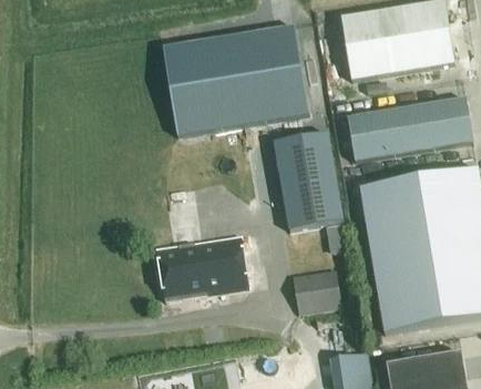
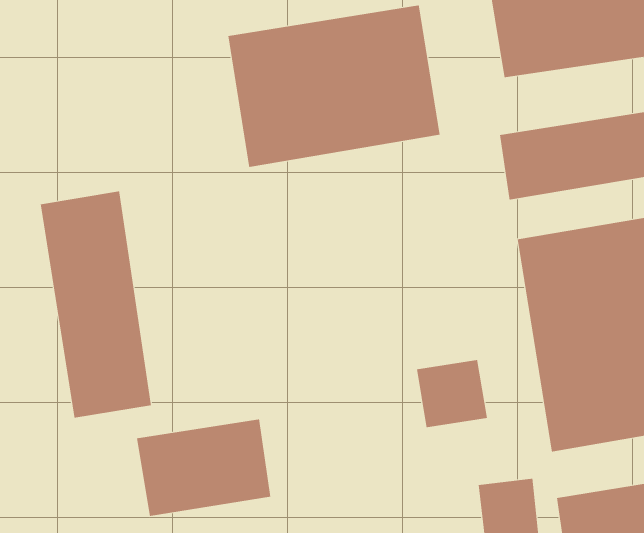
building: [275,130,342,226] -> none
building: none -> [40,190,151,418]
building: [155,235,247,301] -> [136,419,271,516]

